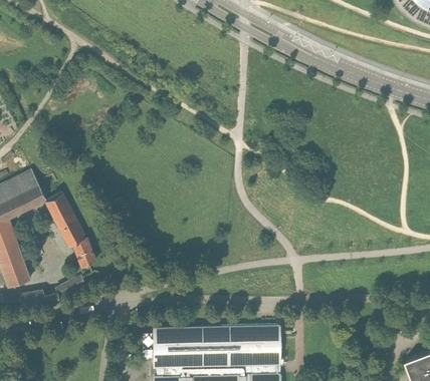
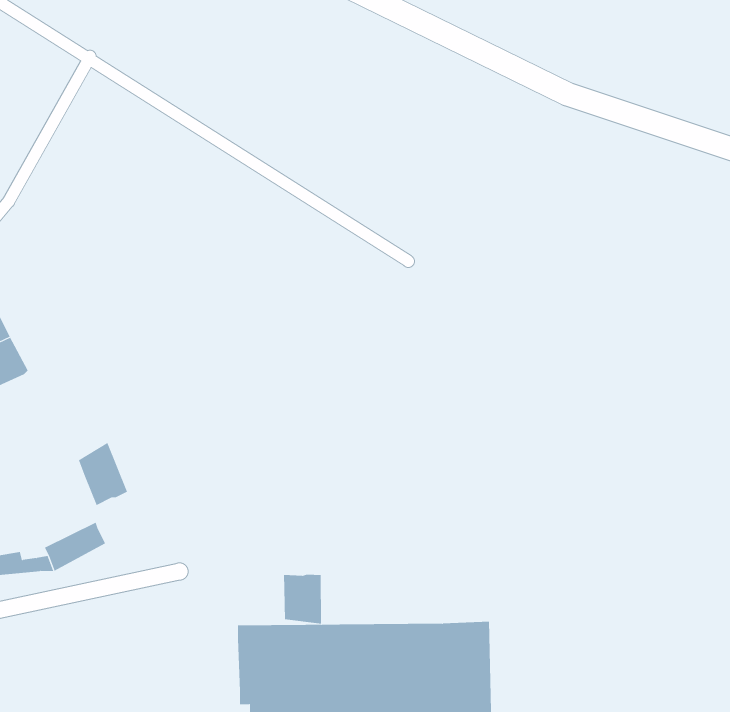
building: [44,192,86,247] -> none
building: none -> [284,574,322,624]

